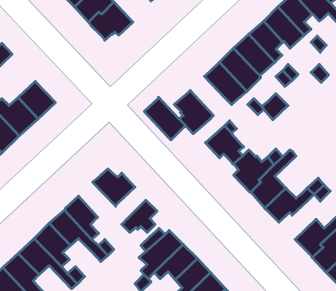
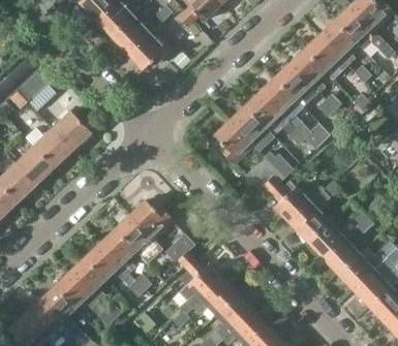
building: [144,97,186,140] -> [229,106,272,150]
building: none -> [115,215,162,264]
building: none -> [320,234,359,274]

